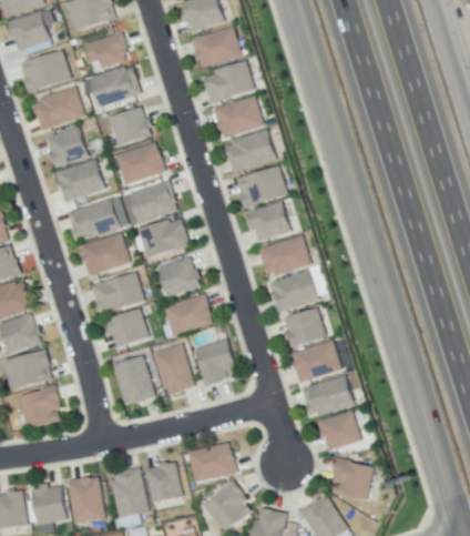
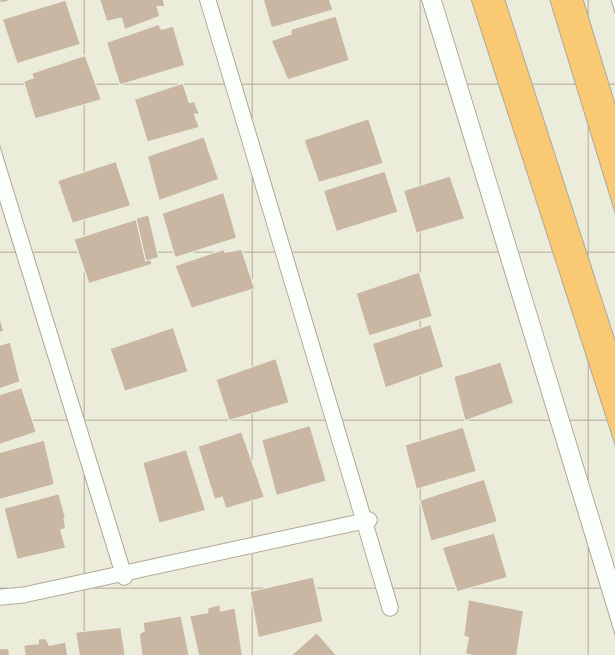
building: [213,95,263,136] -> none
building: [45,125,89,165] -> none
building: [248,202,290,241] -> [403,176,465,233]
building: [81,234,130,276] -> none
building: [157,255,200,297] -> none
building: [105,307,149,347] -> none
building: [284,307,325,347] -> [453,362,514,421]

